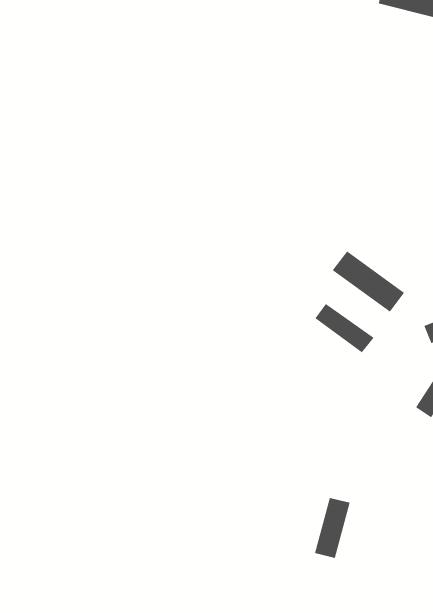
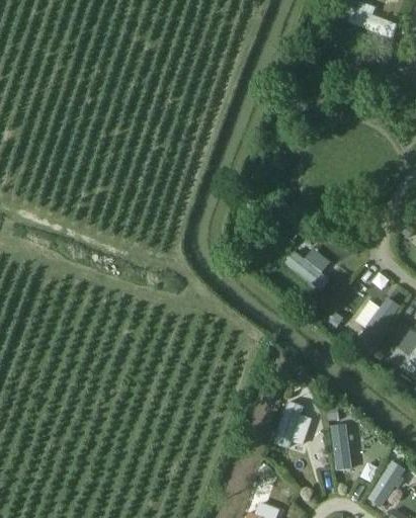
building: [332,251,405,313] -> none
building: none -> [329,423,351,468]

